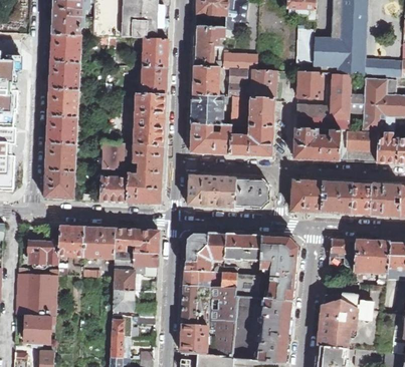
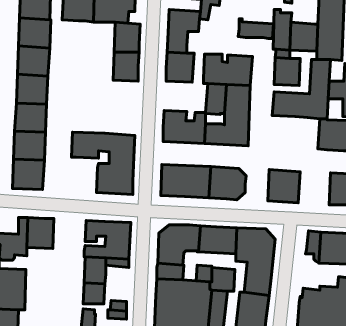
building: [223,50,257,69] -> [238,19,274,38]
building: [134,93,166,146] -> none
building: [191,94,224,124] -> none
building: [293,127,342,159] -> none
building: [99,176,127,202] -> none
building: [321,181,352,214] -> none
building: [83,227,116,258] -> none

